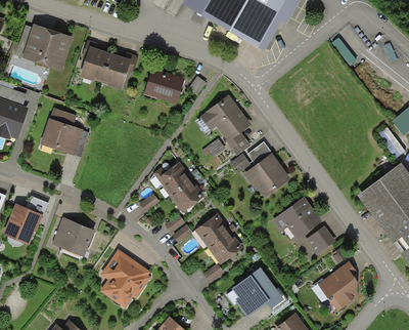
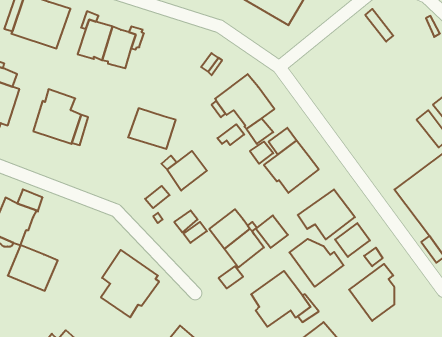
building: [143,69,185,105] -> [128,108,176,149]
building: [170,179,204,213] -> none
building: [51,217,95,257] -> [8,245,58,291]
building: none -> [256,215,288,248]
building: none -> [289,239,344,287]

